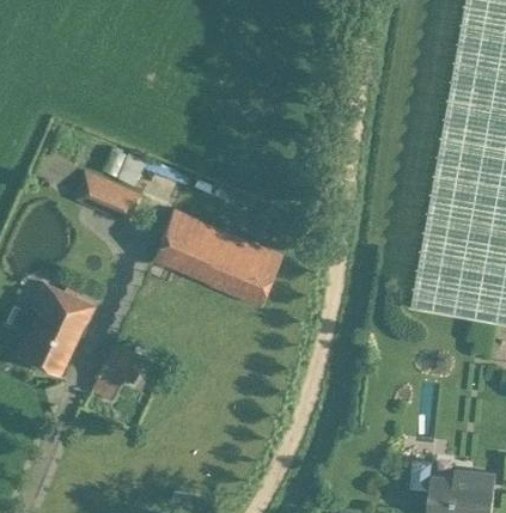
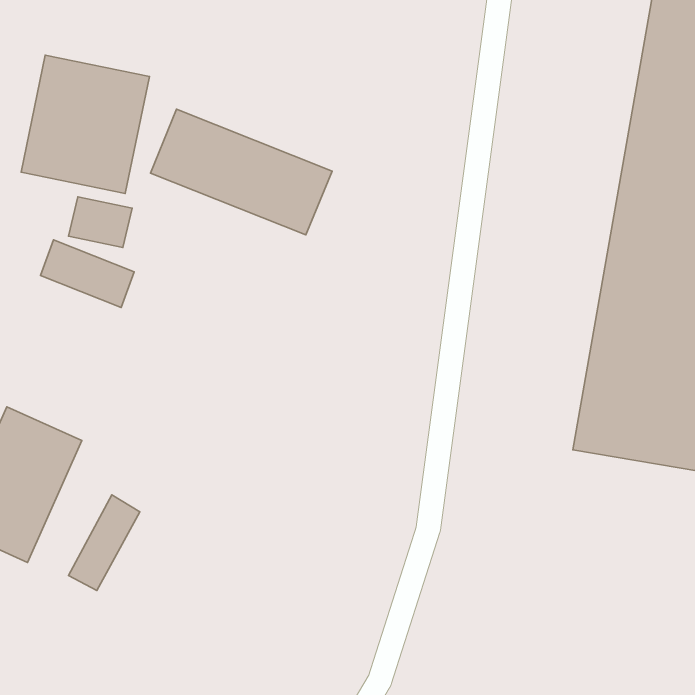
building: none -> [21,55,149,194]
building: [156,214,272,294] -> [150,109,332,235]

